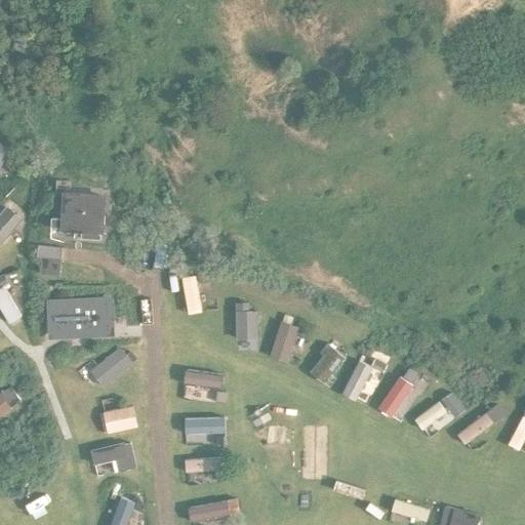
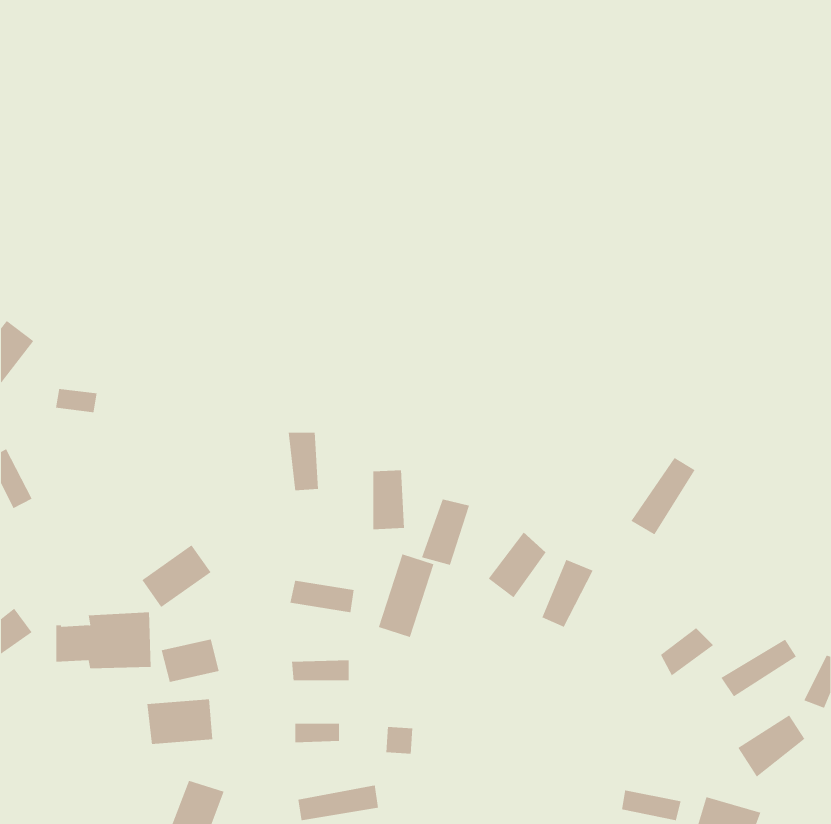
building: [50,198,104,234] -> none
building: [49,301,110,337] -> [55,612,151,669]
building: none -> [378,553,434,638]
building: [377,367,418,416] -> [630,457,695,535]
building: none -> [738,714,805,777]

